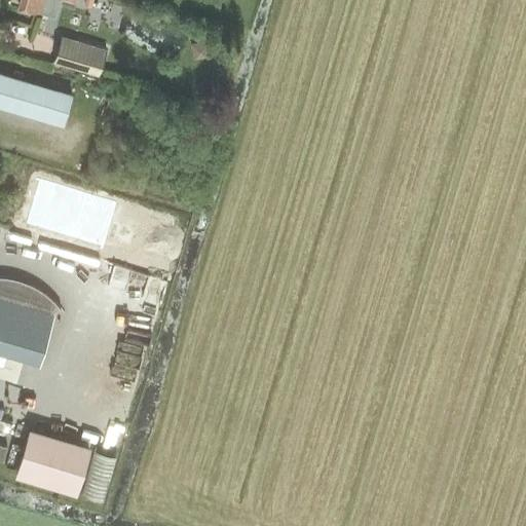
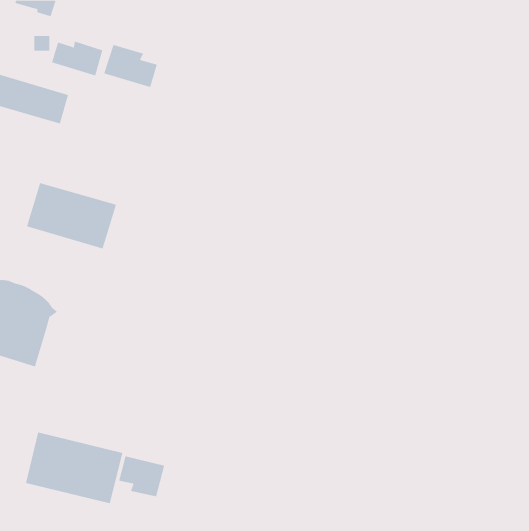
building: none -> [104,44,158,88]
building: none -> [119,455,165,497]

